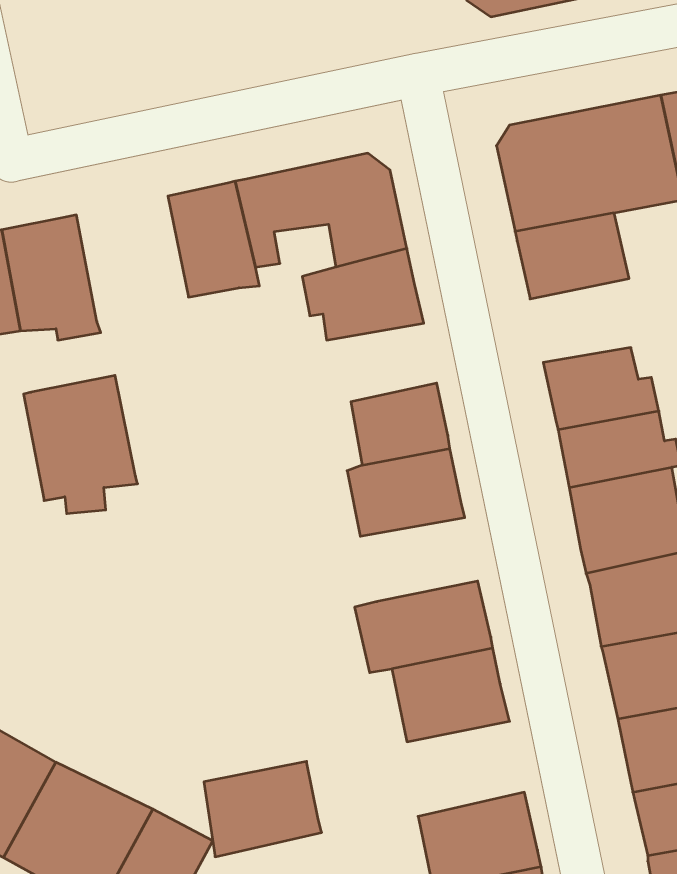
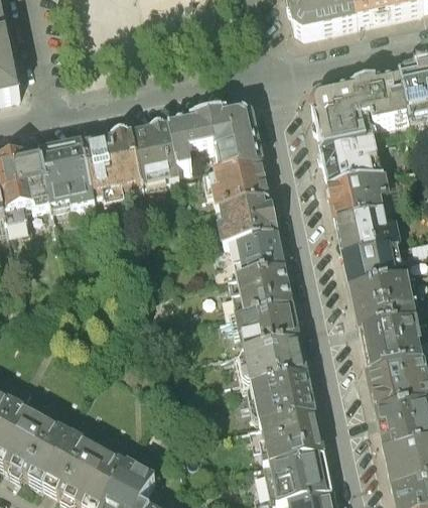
building: none -> [327,169,391,216]
building: none -> [218,195,277,238]
building: [24,375,138,514] -> [83,126,144,201]
building: none -> [236,299,299,345]
building: [204,761,322,857] -> [261,409,324,461]

